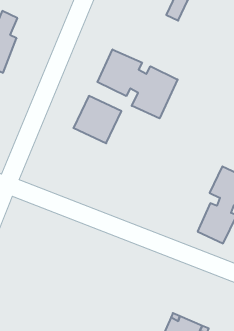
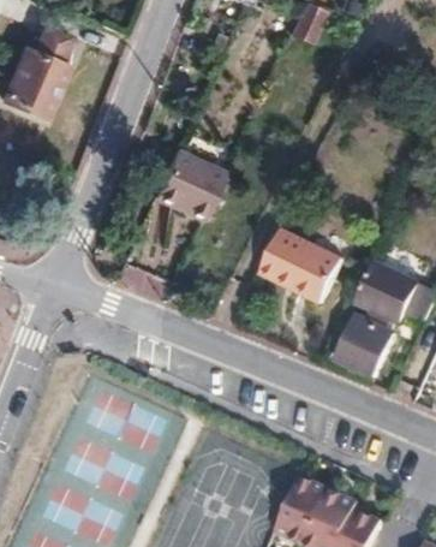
building: [97,49,178,118] -> none
building: none -> [263,226,348,303]

